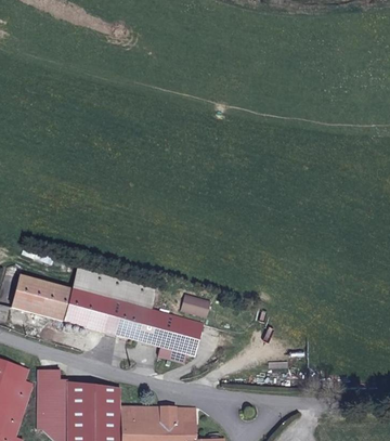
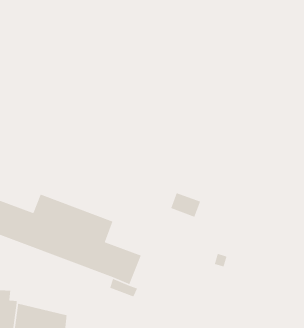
building: [180,295,210,319] -> [170,192,201,218]
building: [179,320,204,354] -> none

